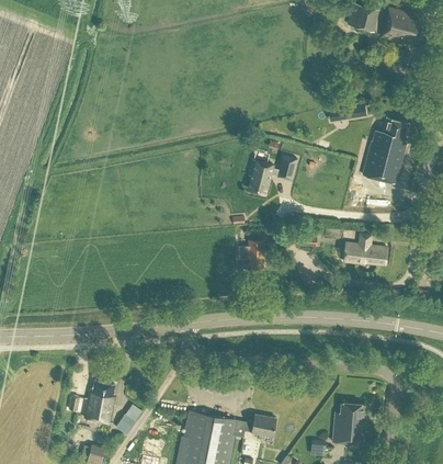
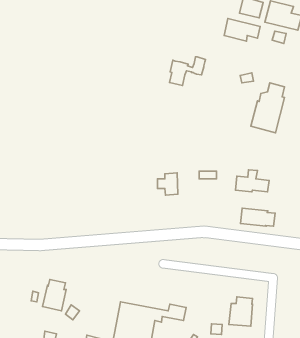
building: none -> [224,18,260,41]
building: [247,155,295,193] -> [169,57,205,86]
building: none -> [240,208,275,226]

